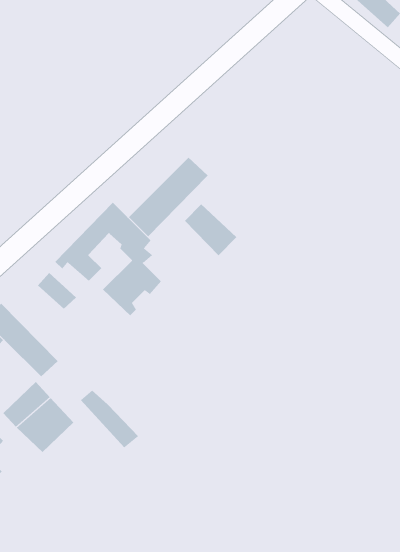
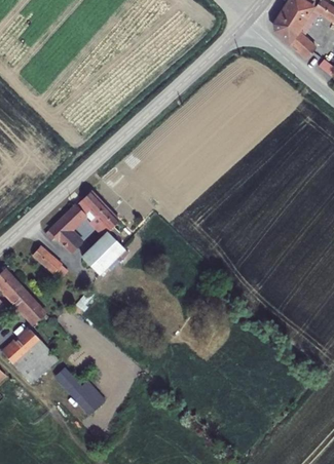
building: [128,157,209,237] -> none
building: [184,203,237,256] -> none
building: [80,390,139,448] -> [59,368,104,413]

